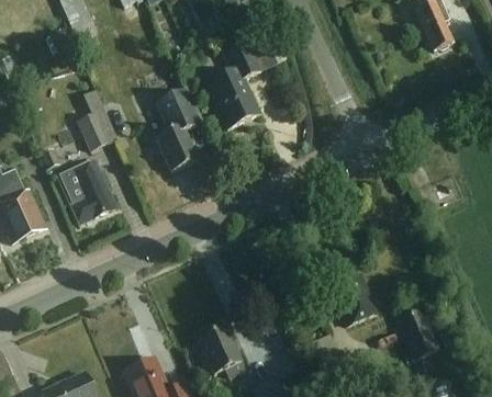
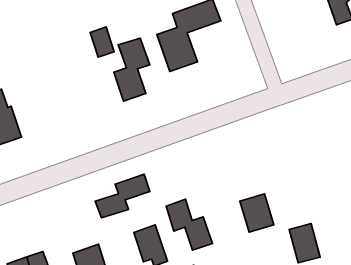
building: [77,110,110,149] -> [90,27,114,57]
building: [58,159,116,223] -> none
building: none -> [95,174,150,218]
building: none -> [166,199,212,250]

